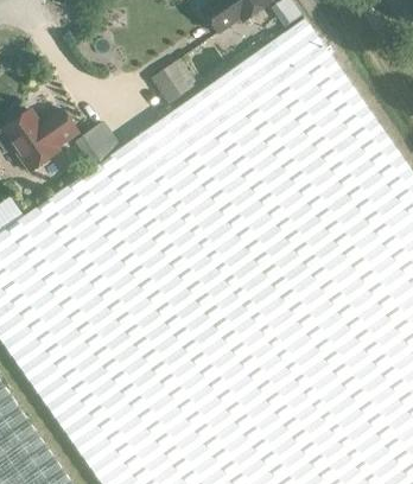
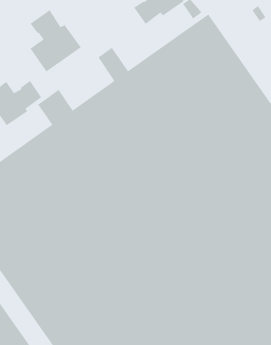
building: none -> [29,9,82,73]

